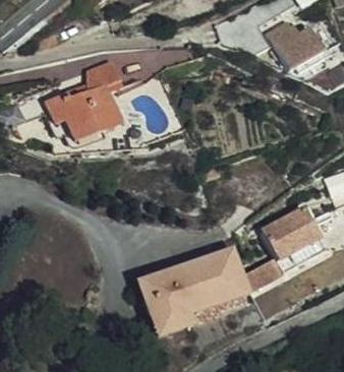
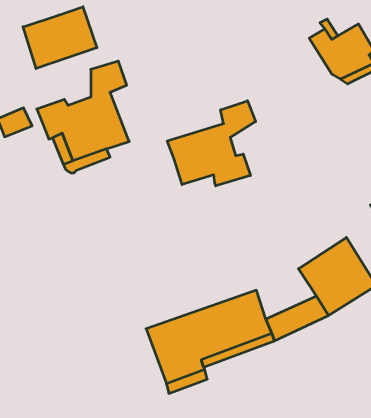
building: none -> [23,7,97,69]
building: none -> [167,101,256,186]

